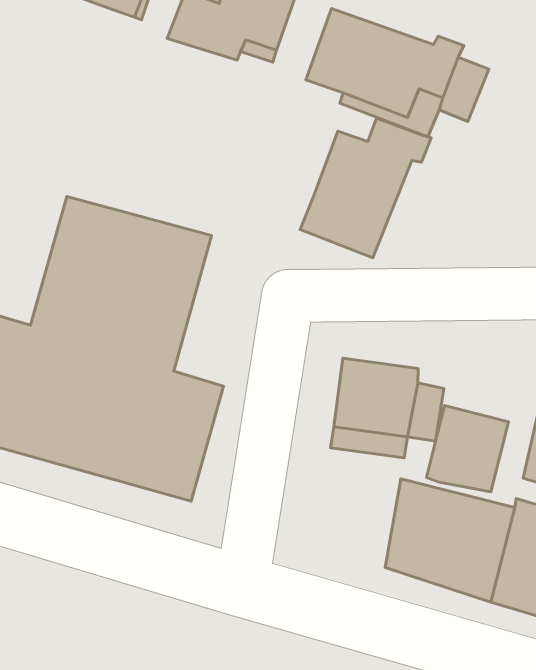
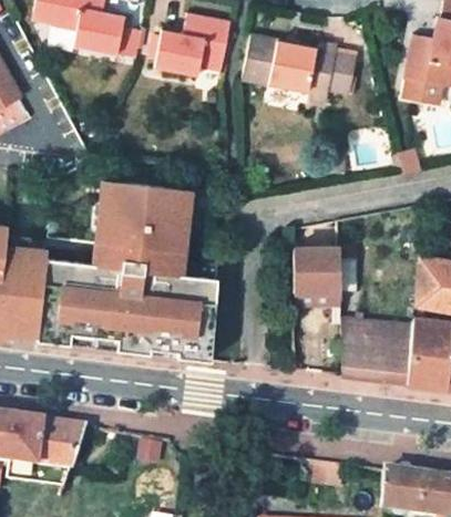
building: [300,118,431,258] -> none
building: [426,406,508,492] -> none

